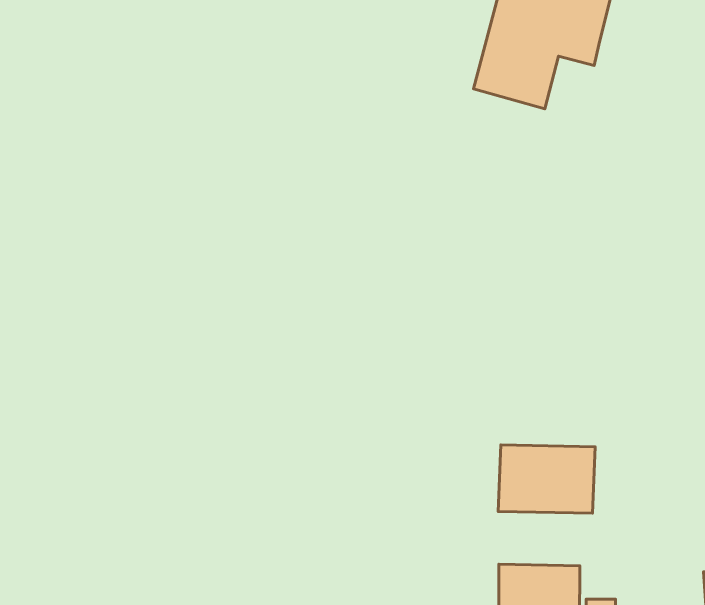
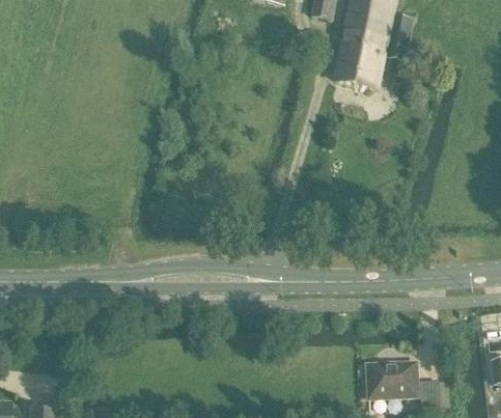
building: [498,445,595,513] -> none

